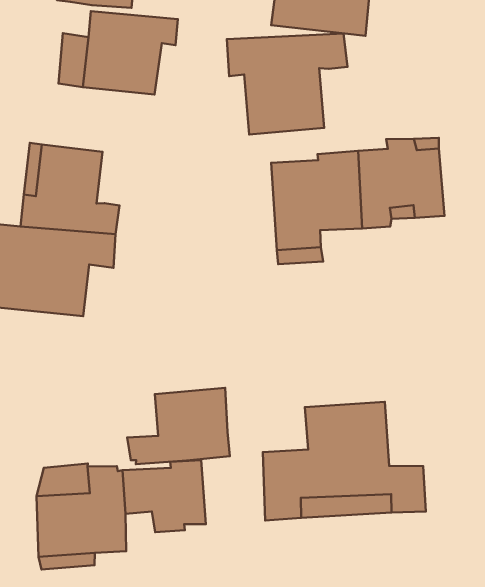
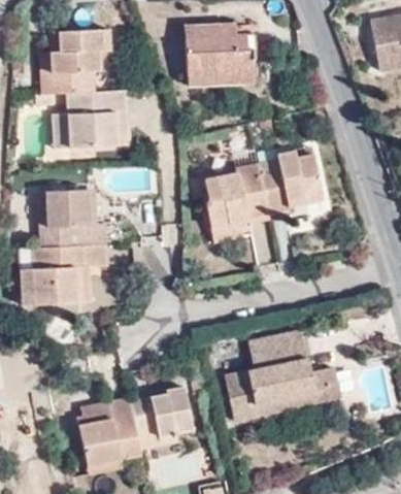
building: [227,33,348,134] -> none
building: [127,388,230,464] -> none

